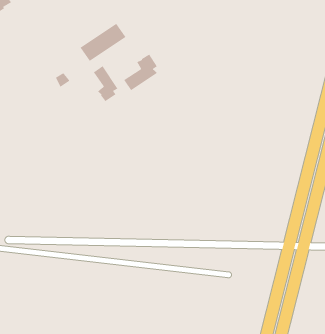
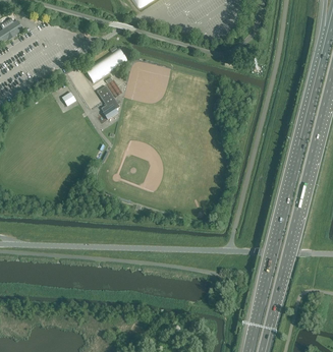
building: [123,53,158,91] -> none

